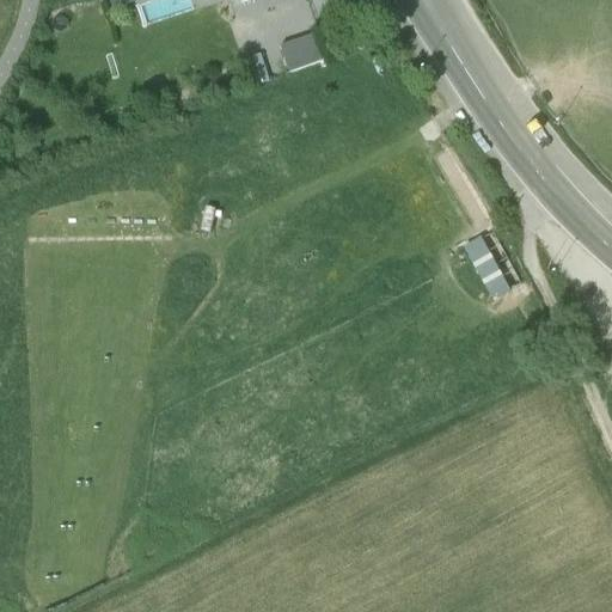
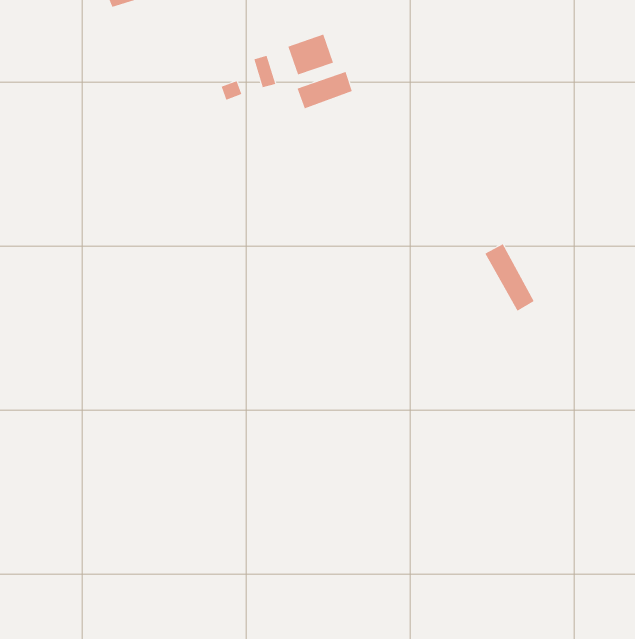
building: none -> [297,71,353,109]

